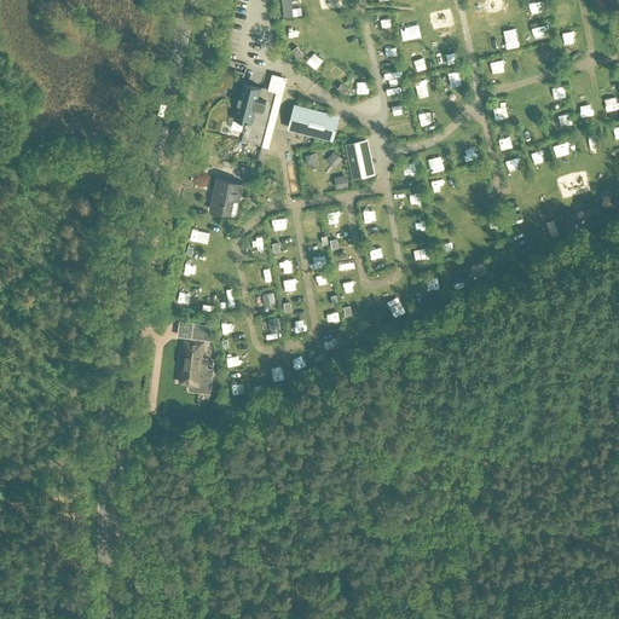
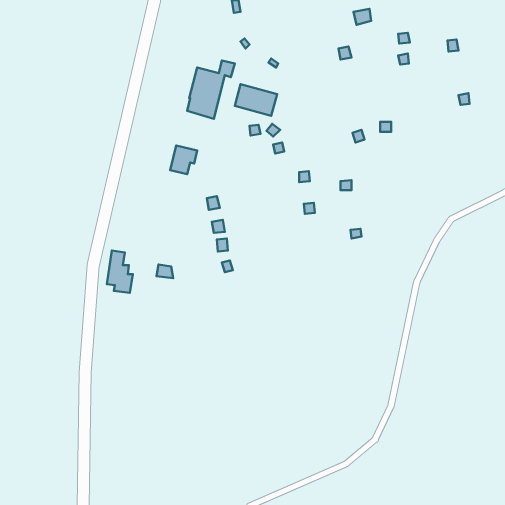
building: [343,139,374,179] -> none
building: [179,341,210,393] -> [107,250,133,293]

